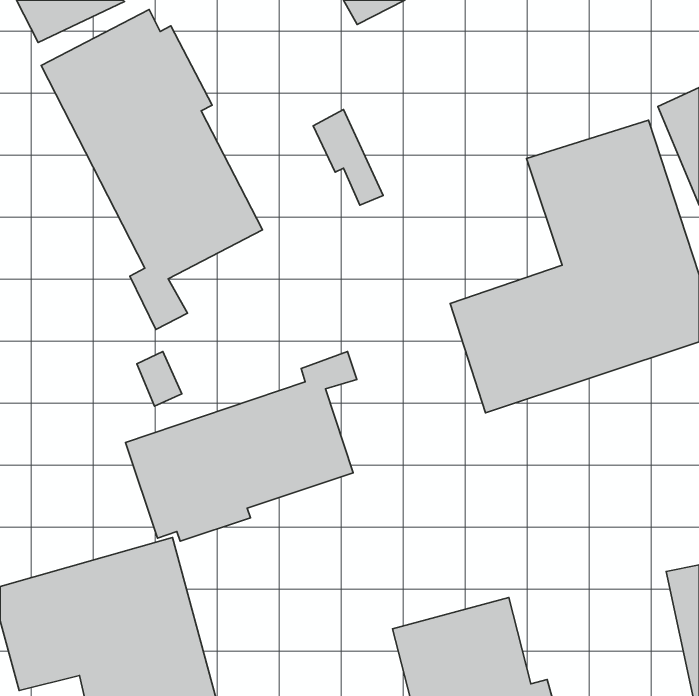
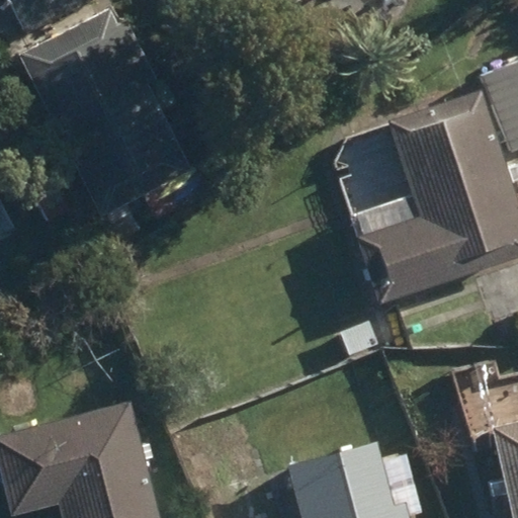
building: [126,352,357,541] -> none

